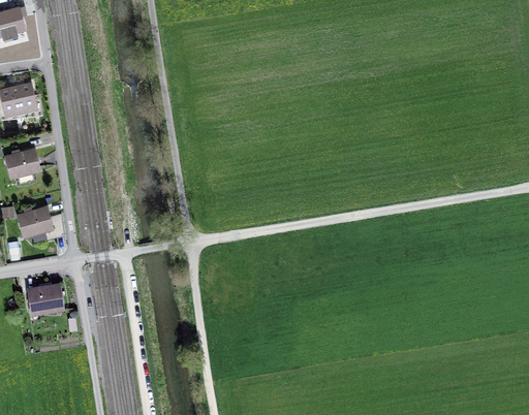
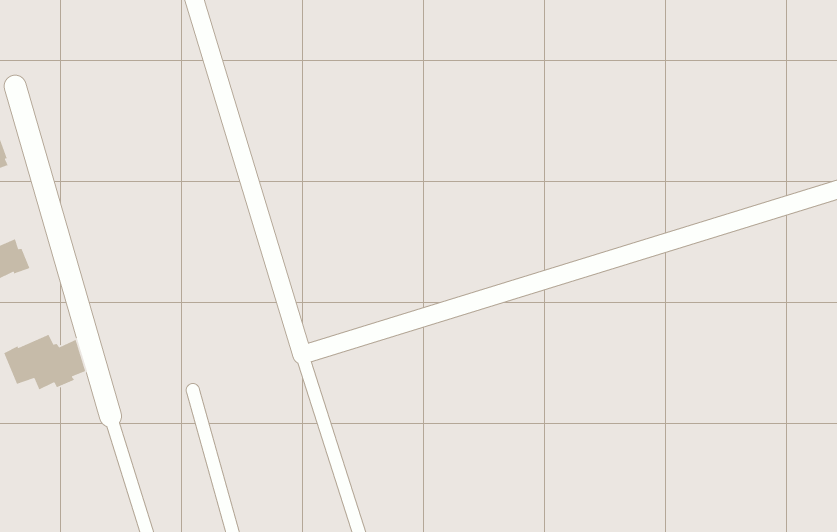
building: [27,284,62,313] -> none

